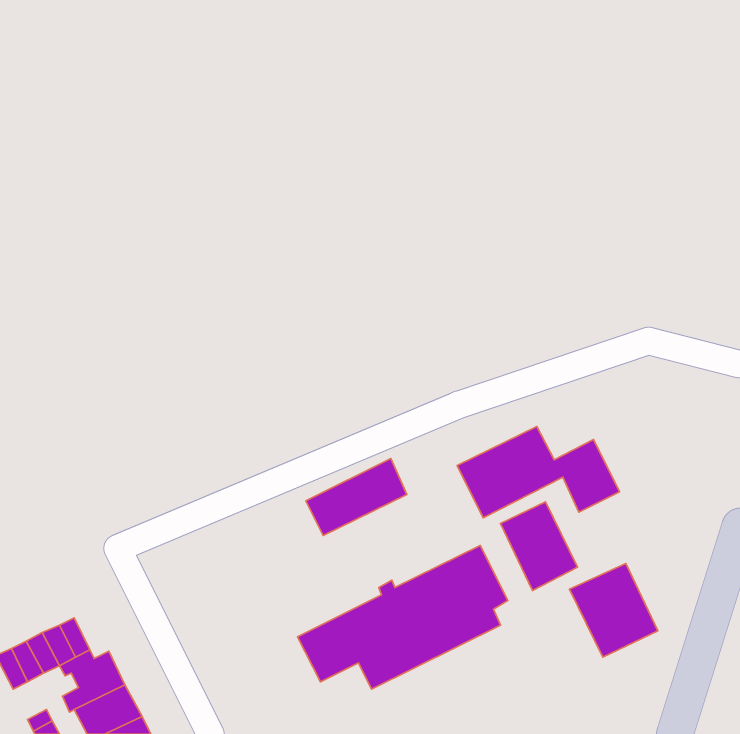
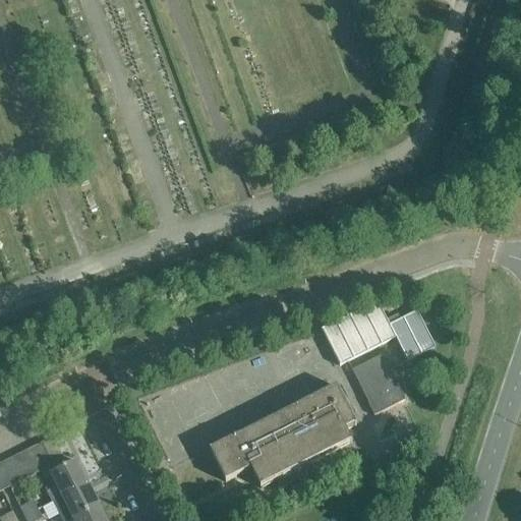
building: [306,458,407,536] -> none
building: [570,564,658,657] -> none

